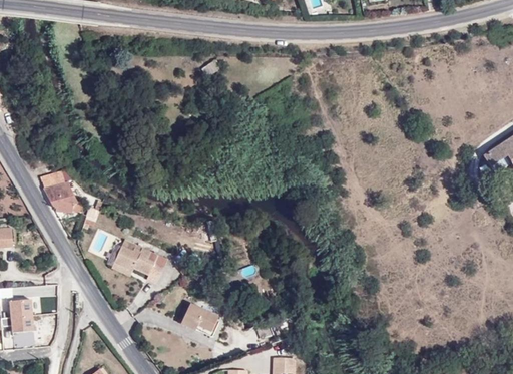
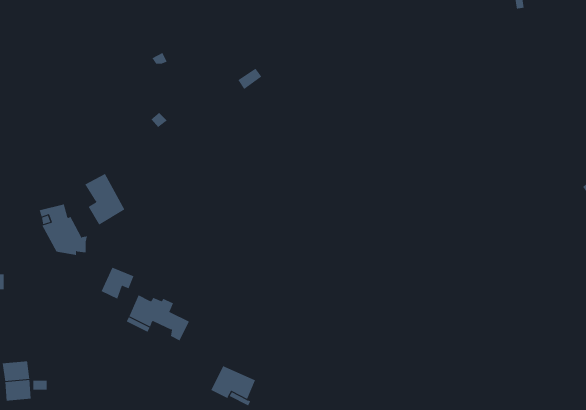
building: none -> [84,173,125,225]
building: none -> [101,267,134,299]

